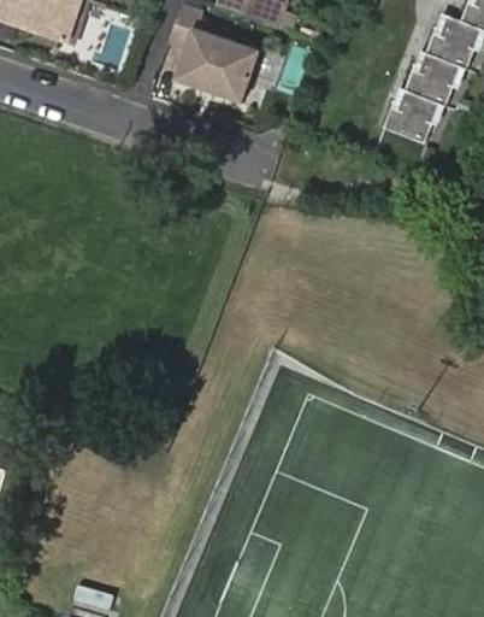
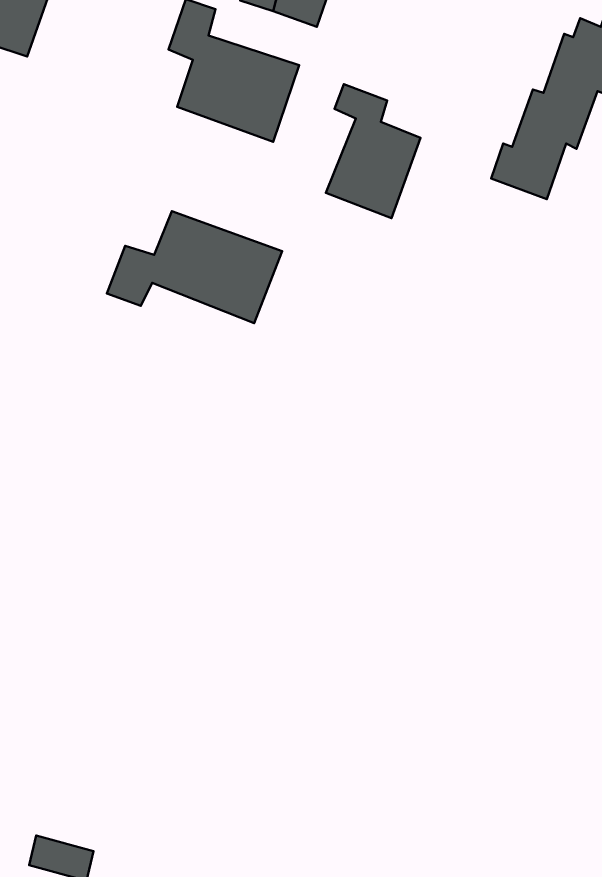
building: none -> [326,84,421,218]
building: none -> [107,211,282,323]

